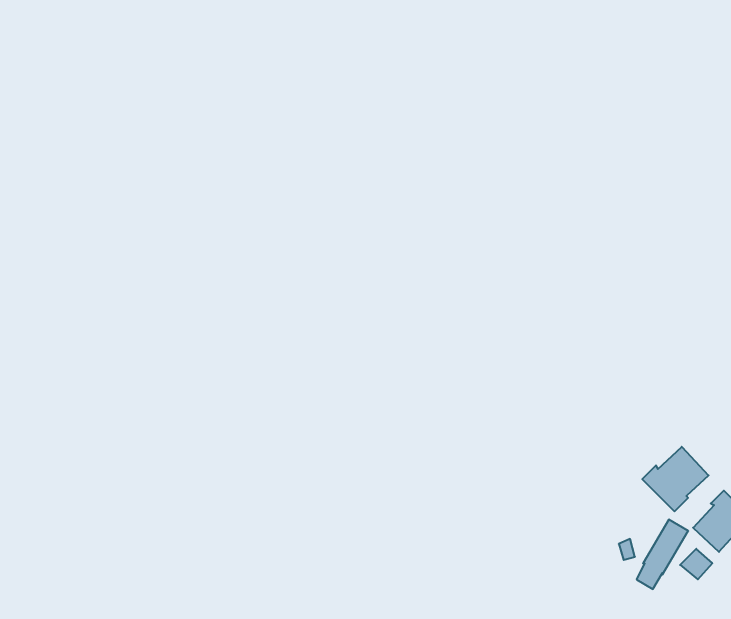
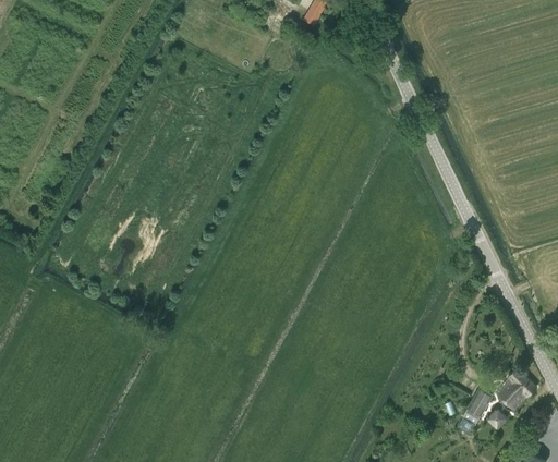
building: [642,447,709,511] -> none

